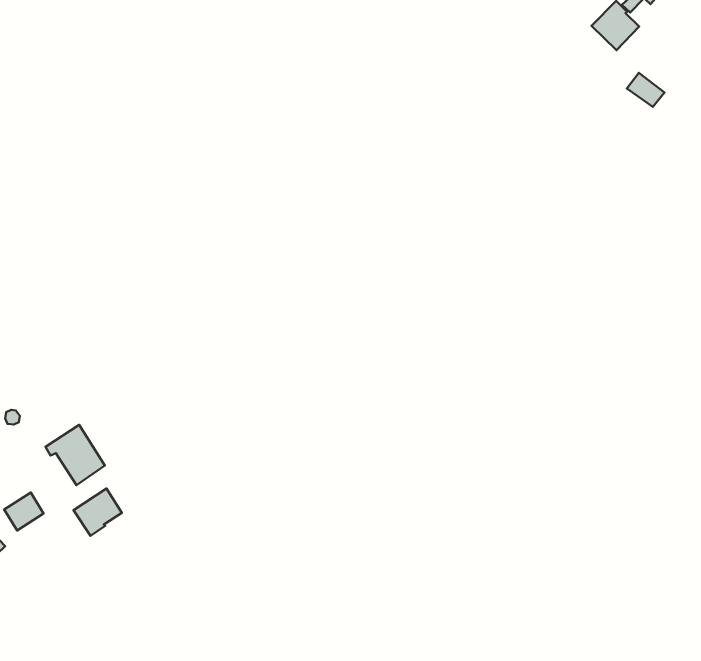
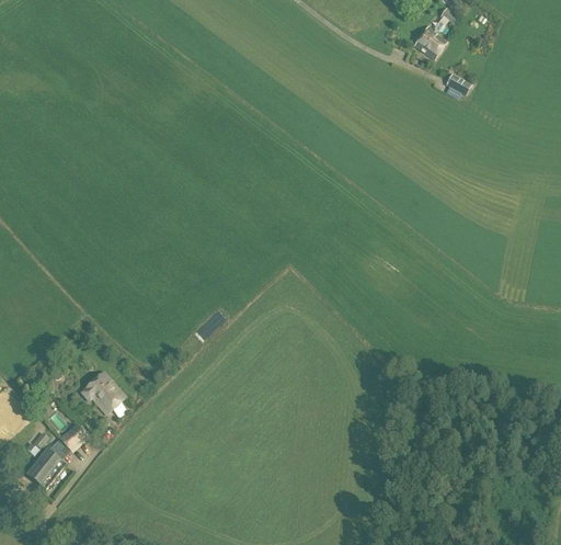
building: [74,489,122,536] -> none

